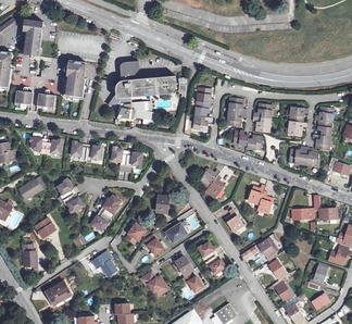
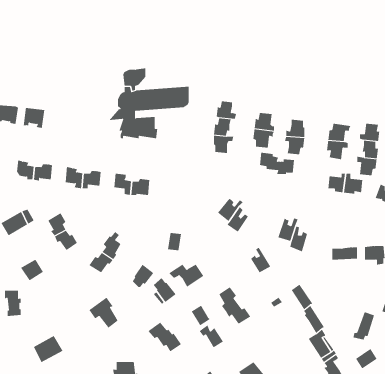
building: [23,17,42,55] -> none
building: [64,60,85,98] -> none

